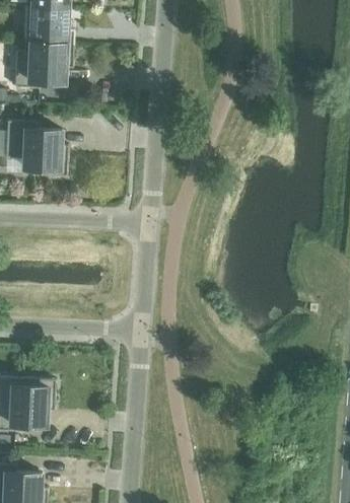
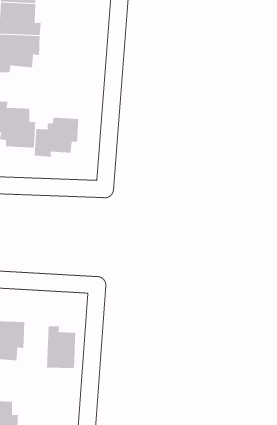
building: none -> [34,117,79,158]
building: none -> [46,325,76,369]

